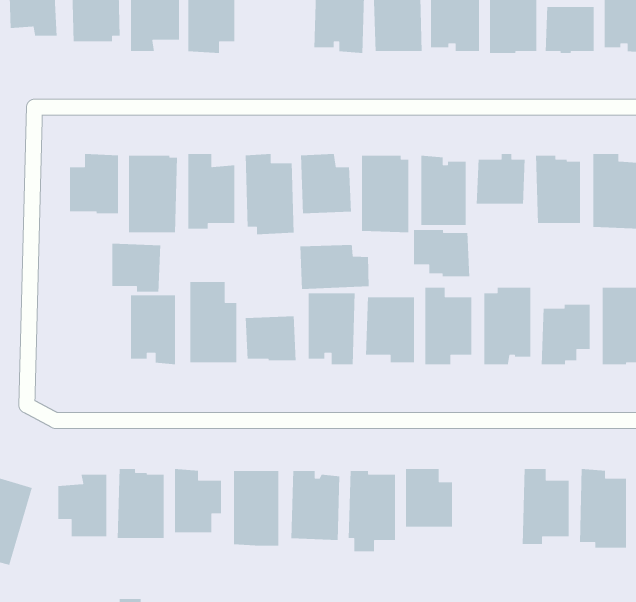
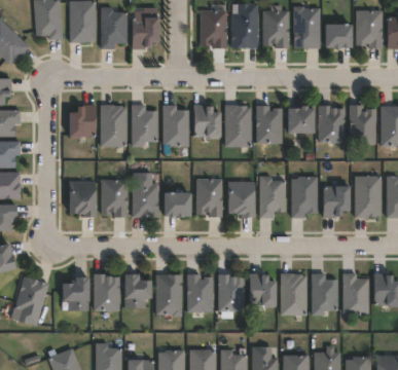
building: [413,229,470,277] -> none
building: [111,243,161,293] -> [68,189,95,216]
building: [299,244,369,290] -> none
building: none -> [281,272,306,316]

